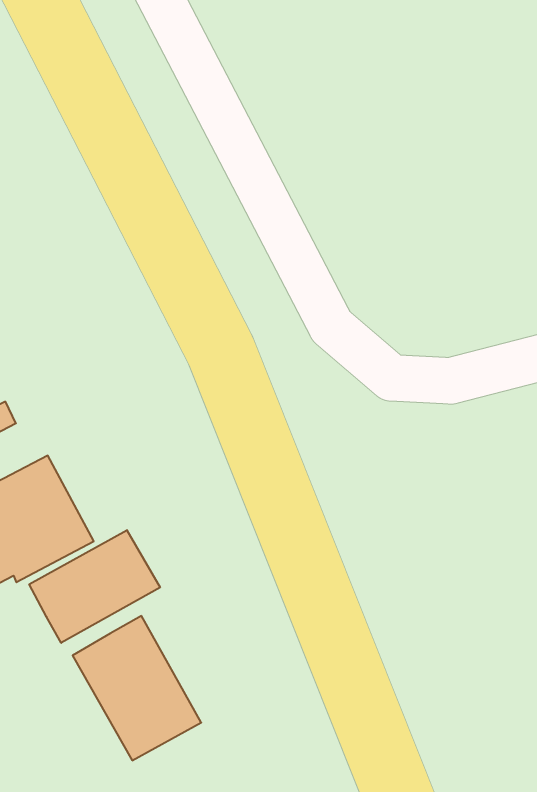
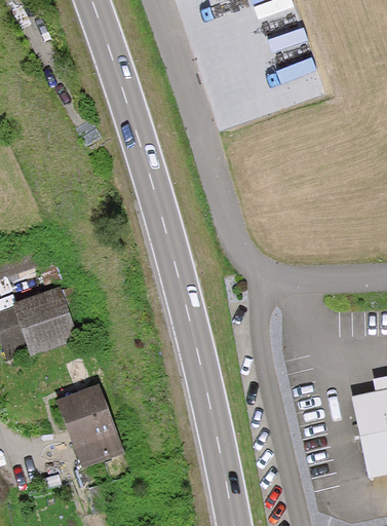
building: [29,530,160,643] -> none

